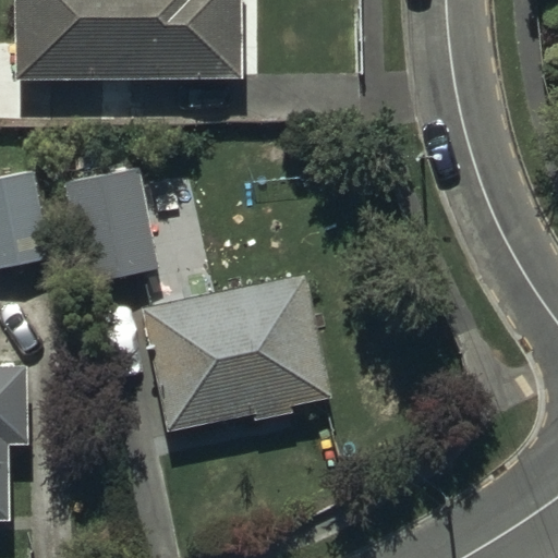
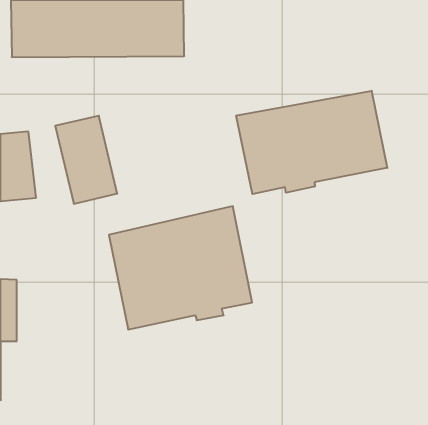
building: none -> [236,91,387,194]

